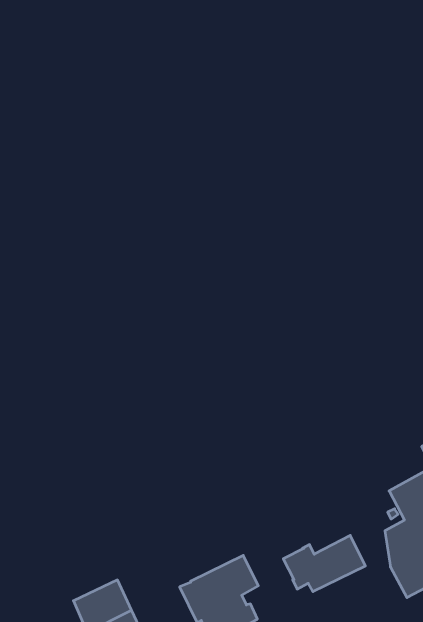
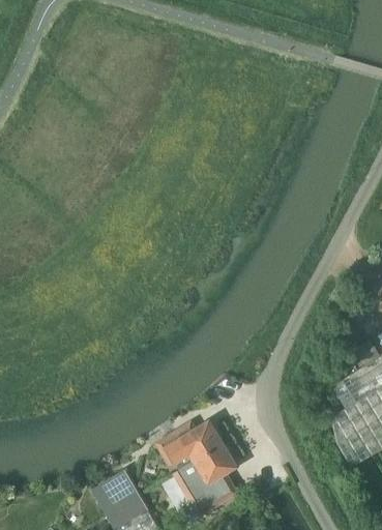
building: [283,535,365,592] -> [158,421,223,467]

